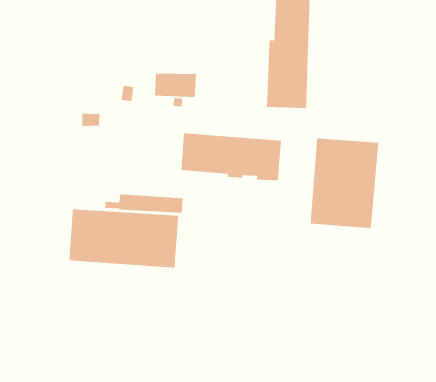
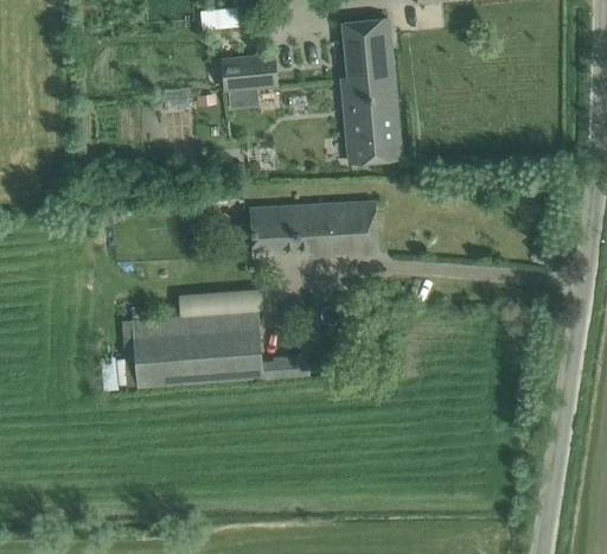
building: [154,73,197,97] -> [223,55,277,89]
building: [310,137,379,229] -> none

